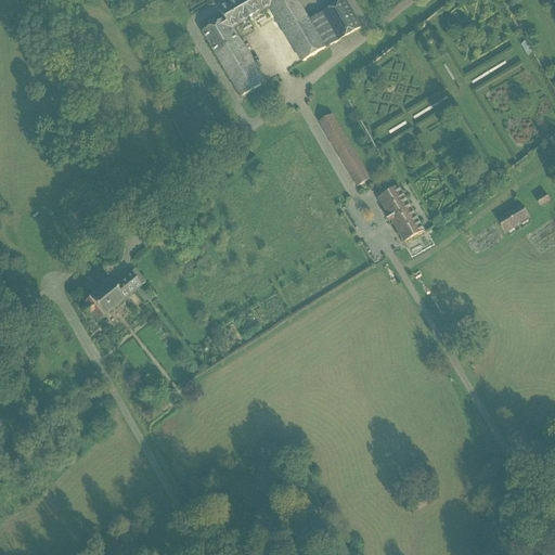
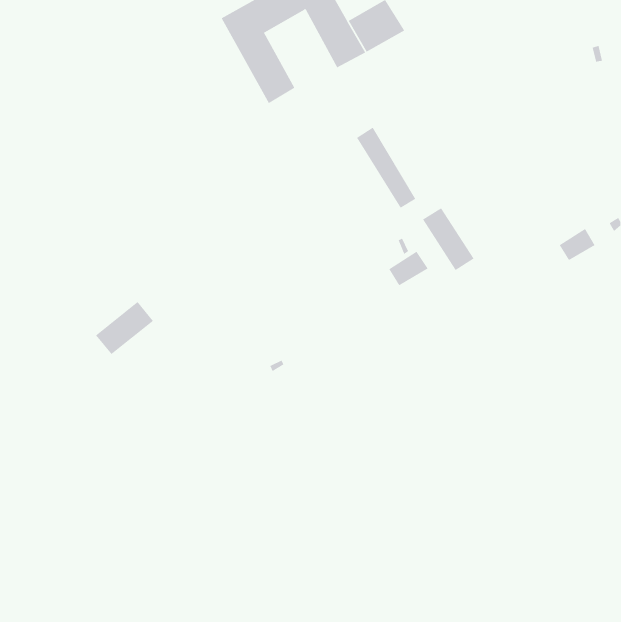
building: none -> [388,251,428,286]

